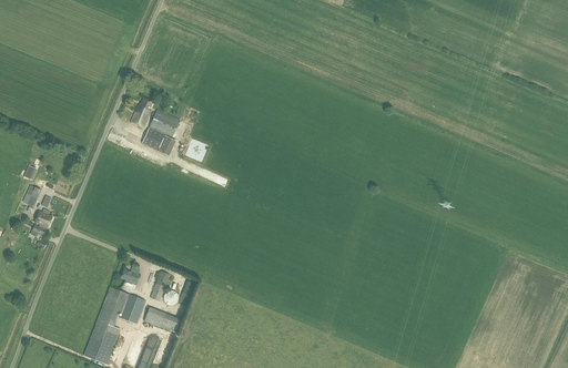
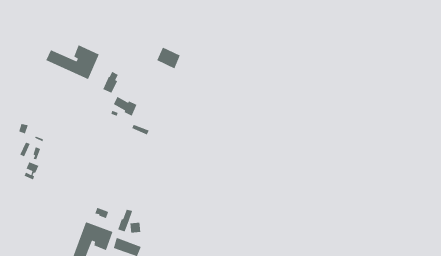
building: none -> [45,44,100,80]
building: [148,109,179,137] -> [156,46,181,69]

